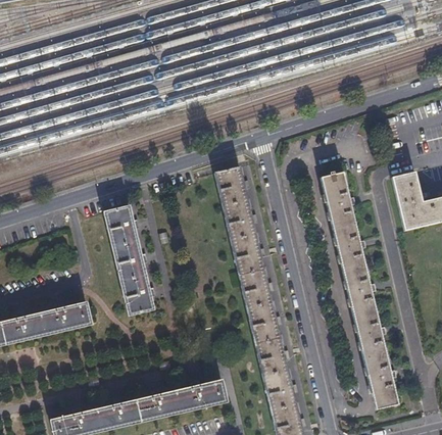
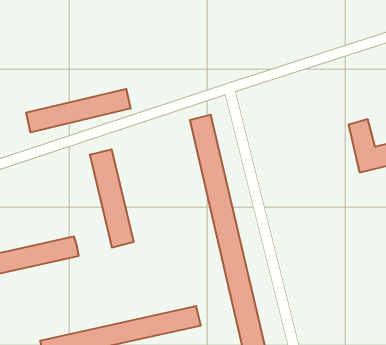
building: none -> [26,89,131,132]
building: [322,171,398,409] -> none

